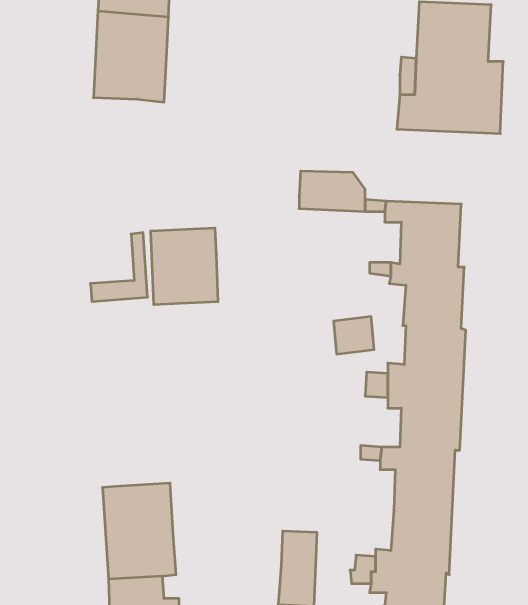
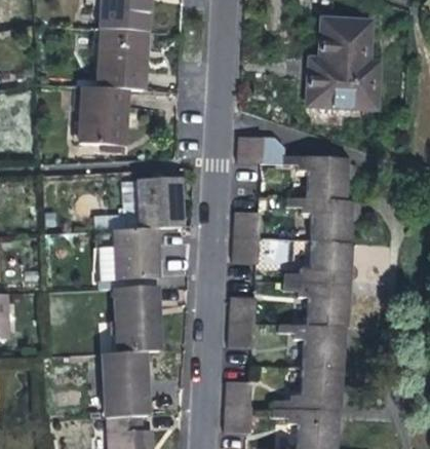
building: none -> [80,85,127,145]
building: none -> [233,212,260,265]
building: none -> [113,227,159,278]
building: none -> [114,286,161,352]
building: none -> [228,297,255,349]

